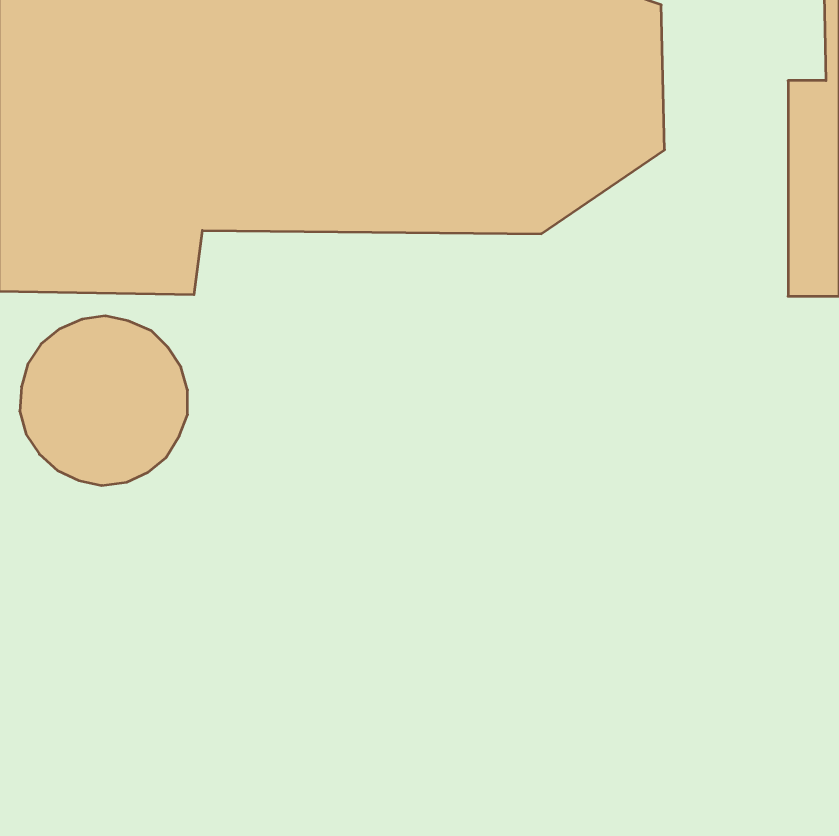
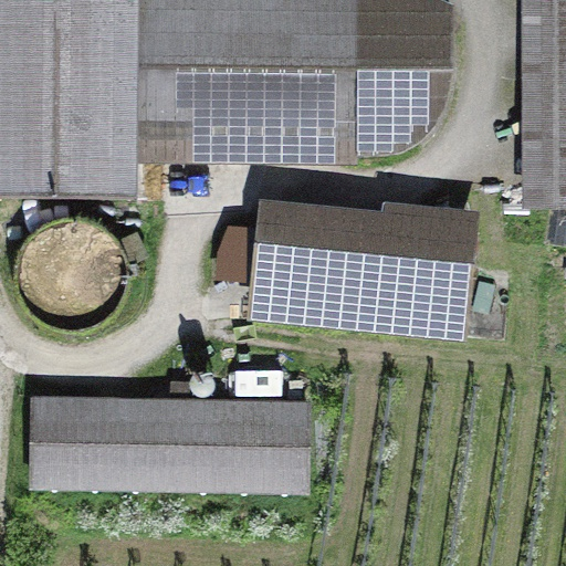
building: none -> [251,209,468,332]
building: none -> [30,396,306,492]

